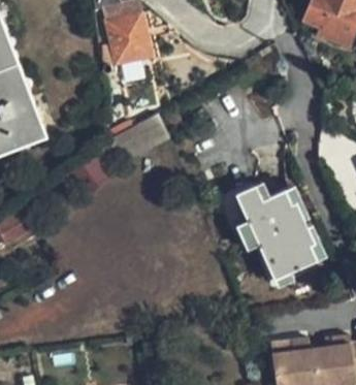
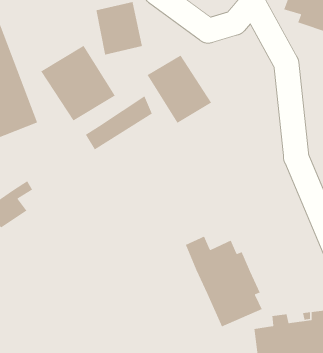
building: none -> [40,45,116,121]
building: none -> [147,55,212,124]
building: [234,184,316,280] -> [185,235,263,327]

